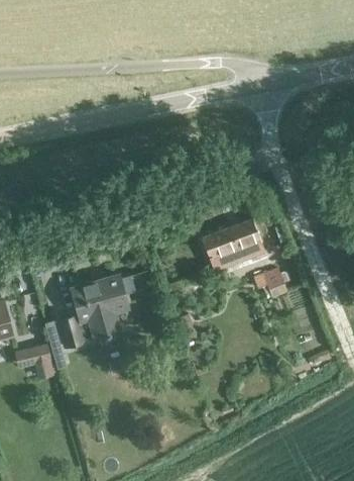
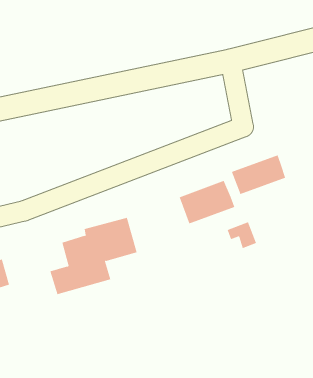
building: none -> [231,154,286,195]
building: [15,345,52,378] -> none

